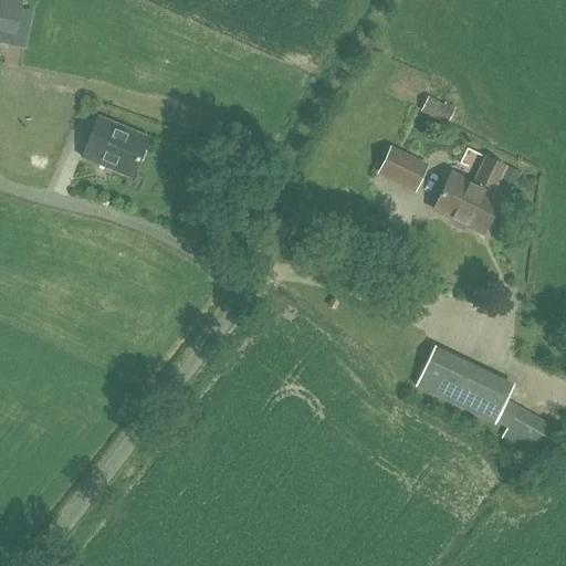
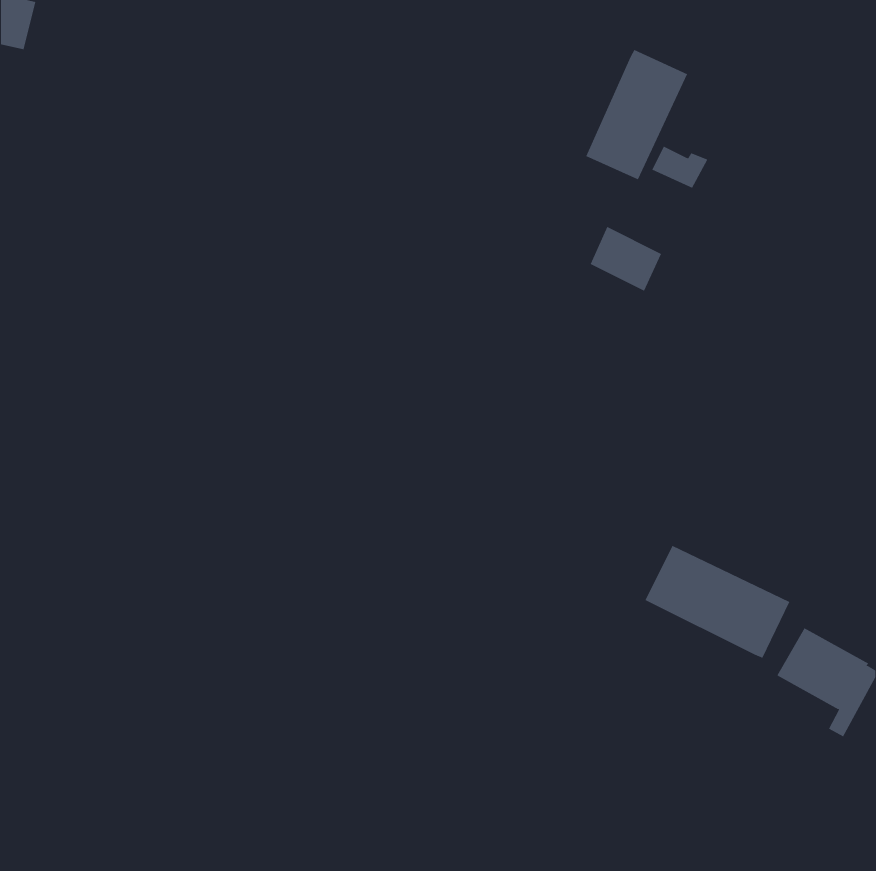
building: none -> [586,49,688,180]
building: [83,116,147,172] -> none
building: [434,156,505,230] -> none

